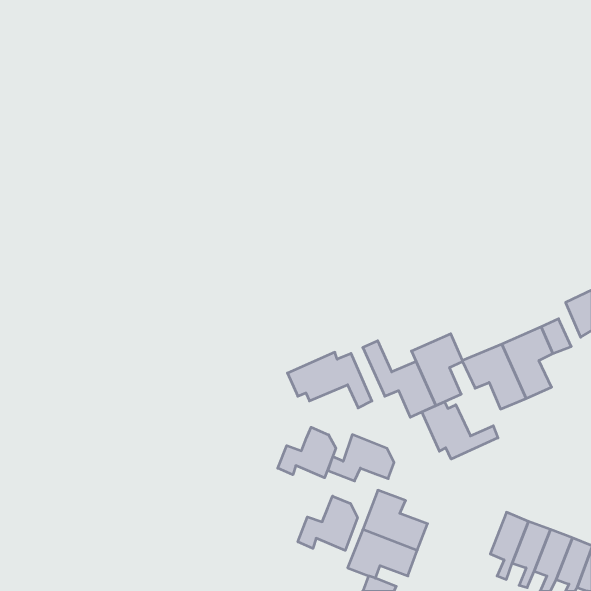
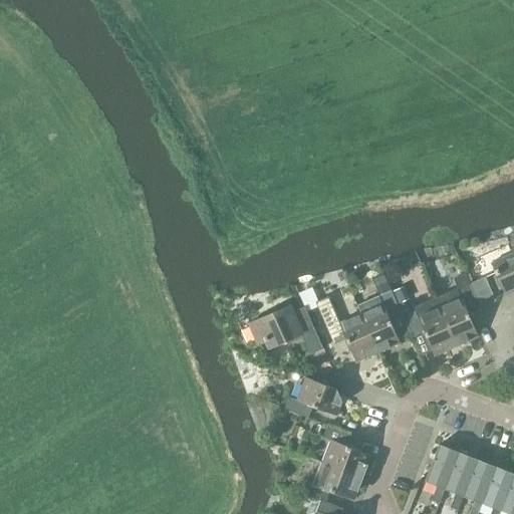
building: [422,402,498,459] -> none
building: [278,427,336,478] -> none
building: [298,496,357,550] -> none

